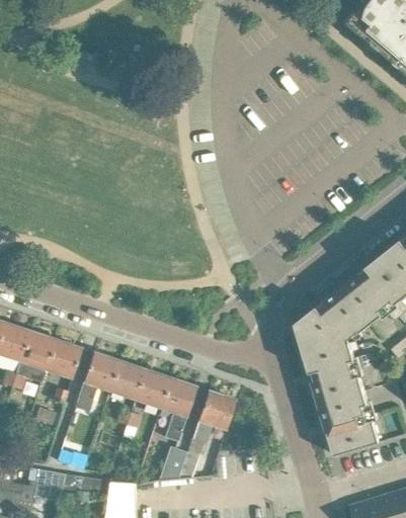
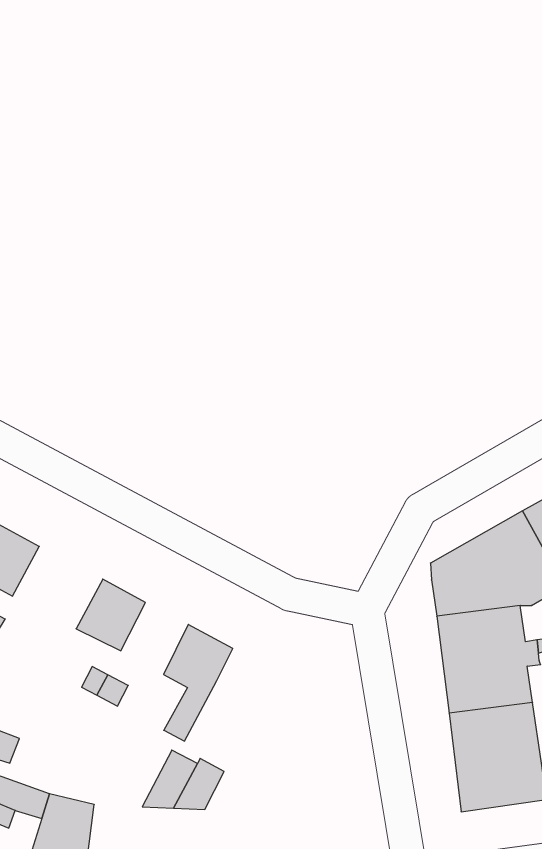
building: [74,352,118,412] -> none
building: [135,369,169,407] -> none
building: [191,391,235,443] -> none

